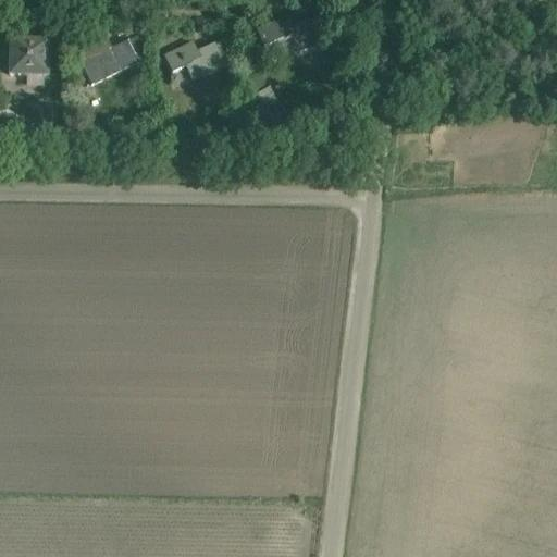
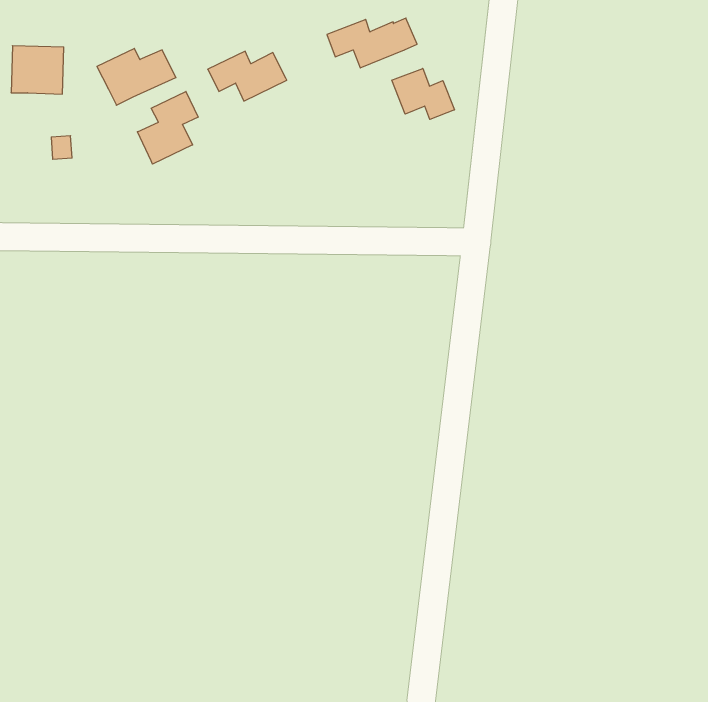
building: none -> [392,68,454,119]
building: none -> [137,91,198,164]

